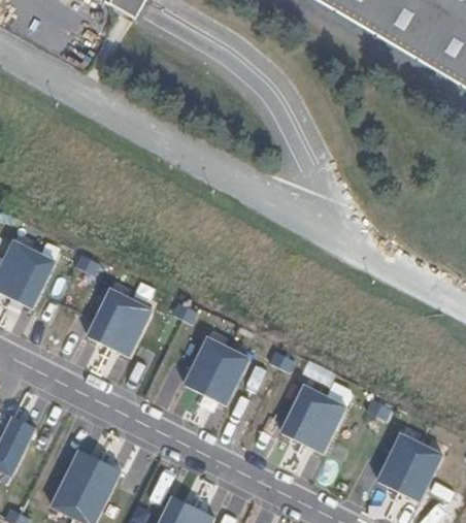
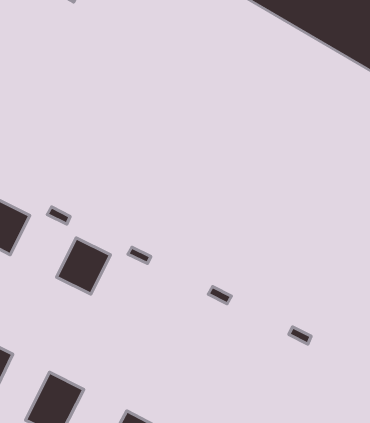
building: [184,335,248,403] -> none
building: [280,384,345,452] -> none
building: [376,432,441,500] -> none

